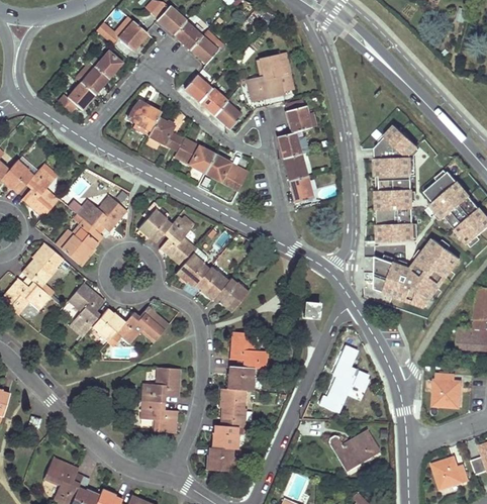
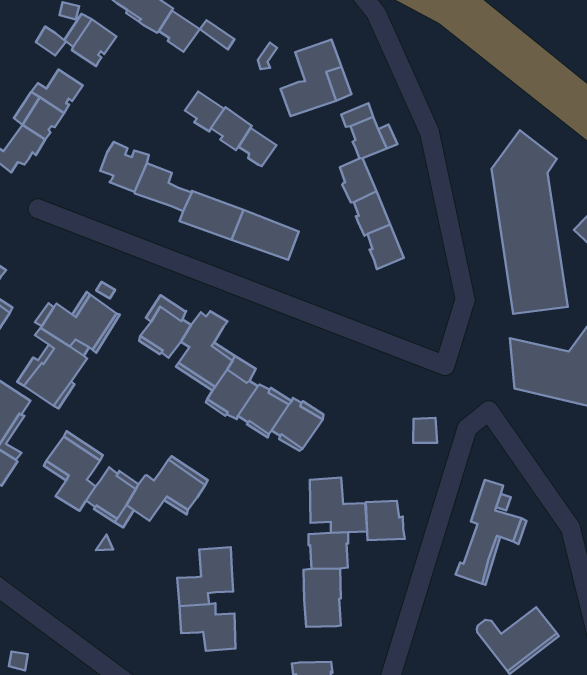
building: [189,36,217,65] -> none
building: none -> [366,501,405,540]
building: [213,424,239,449] -> none

